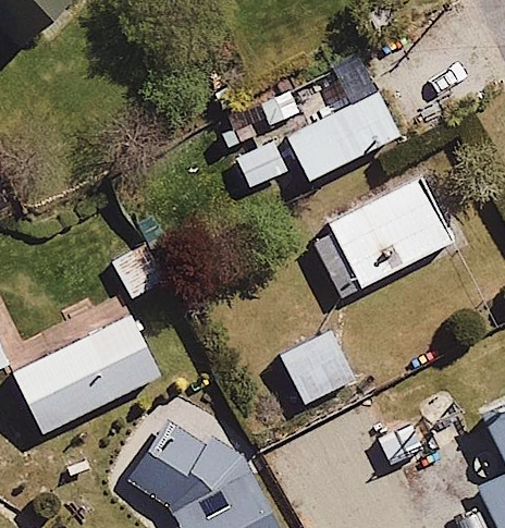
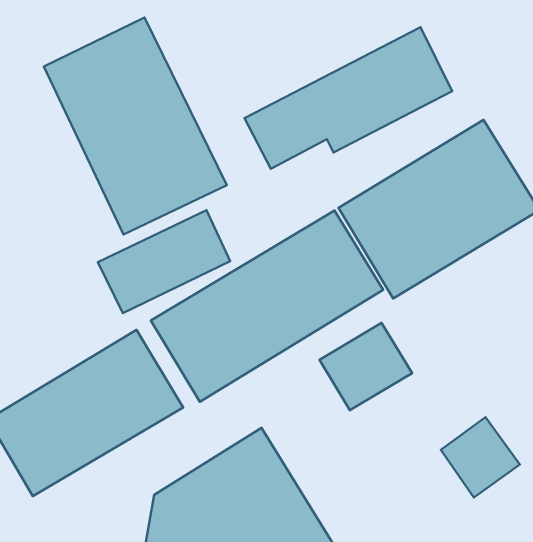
building: none -> [44,18,227,234]
building: none -> [151,211,383,402]

